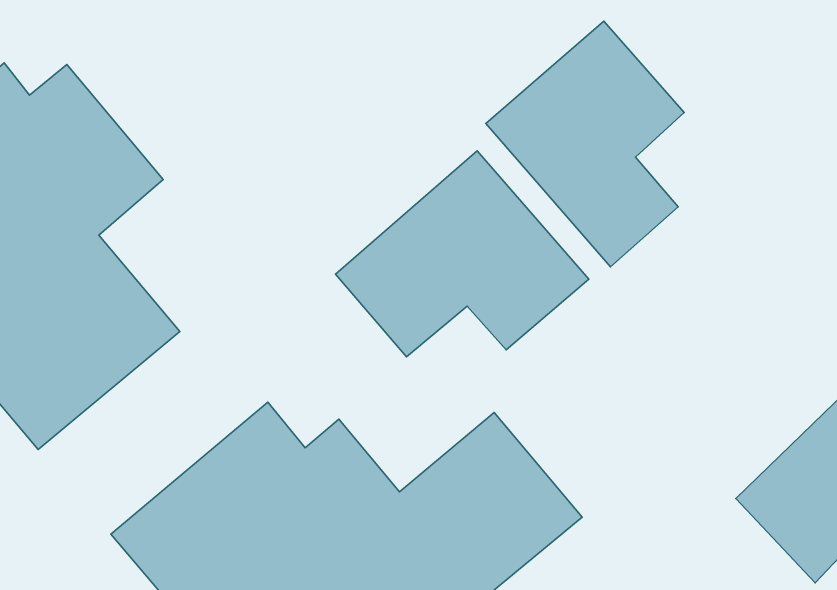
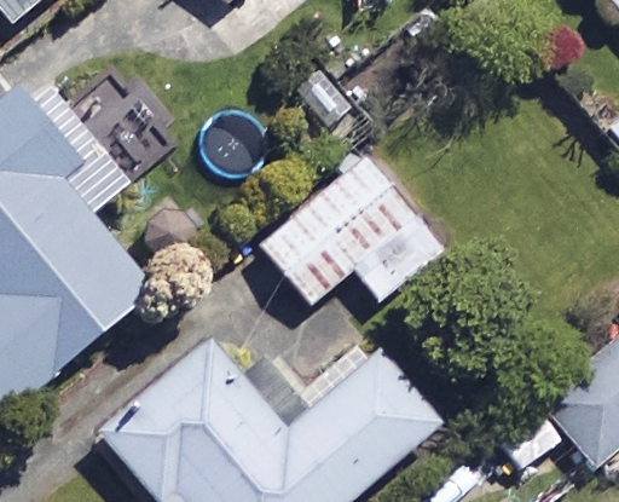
building: [486,21,684,267] -> none

